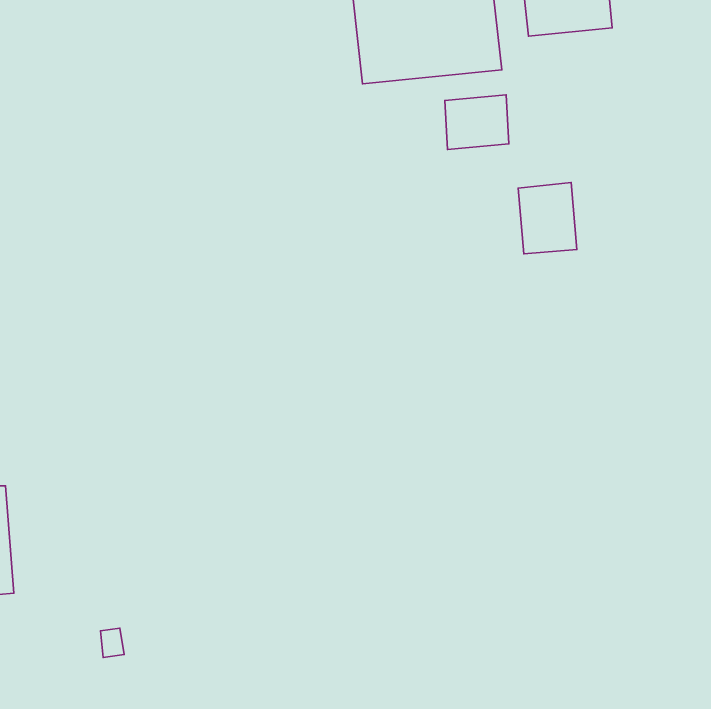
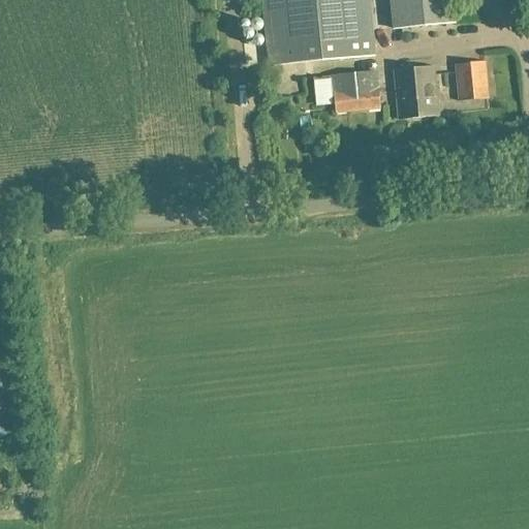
building: none -> [453,60,486,99]
building: [518,183,577,254] -> [393,64,436,117]

